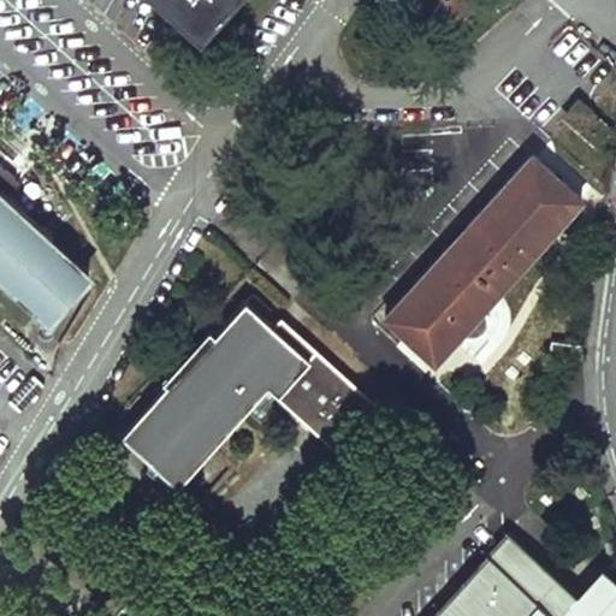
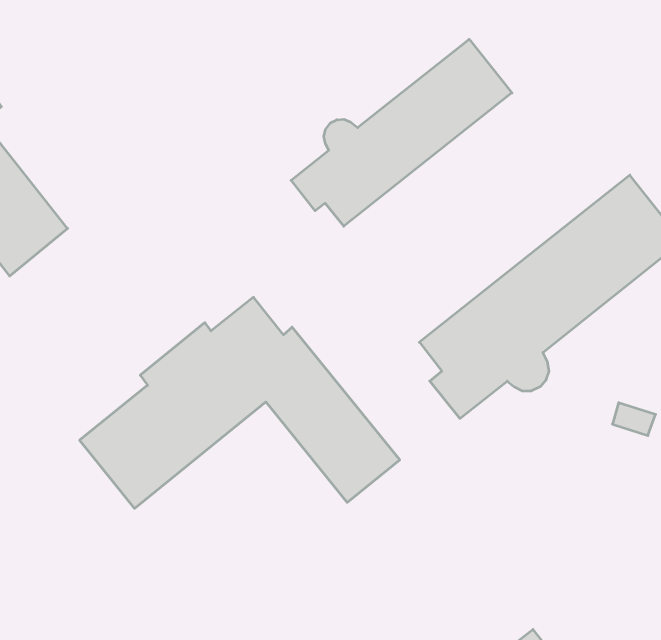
building: none -> [291,39,512,226]

